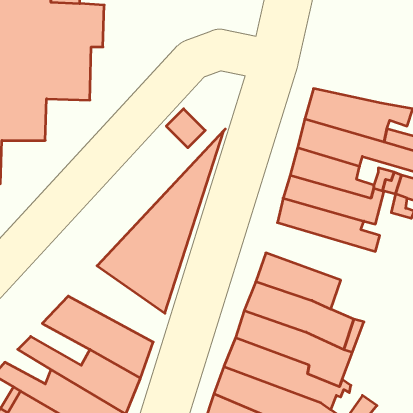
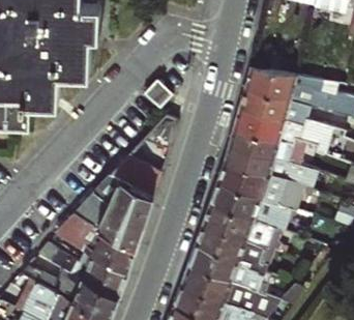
building: none -> [215,164,301,213]
building: none -> [73,195,143,250]

